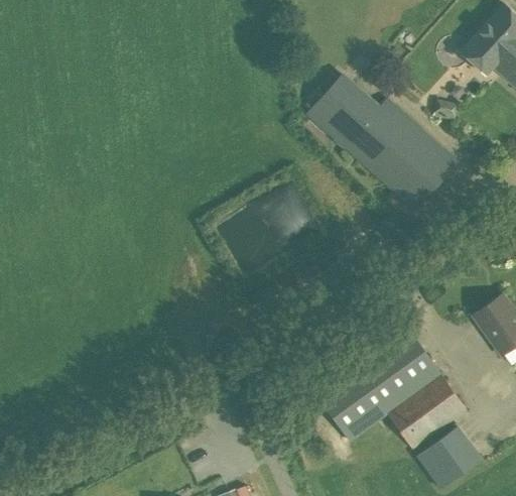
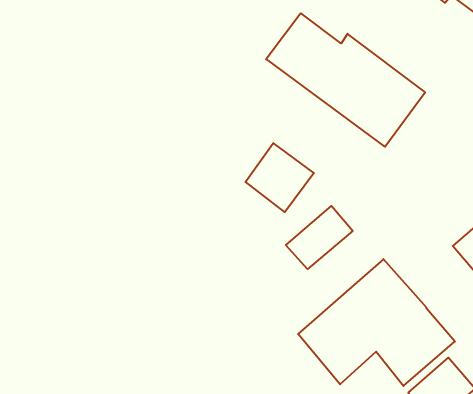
building: none -> [245,143,314,212]
building: none -> [286,206,353,269]

